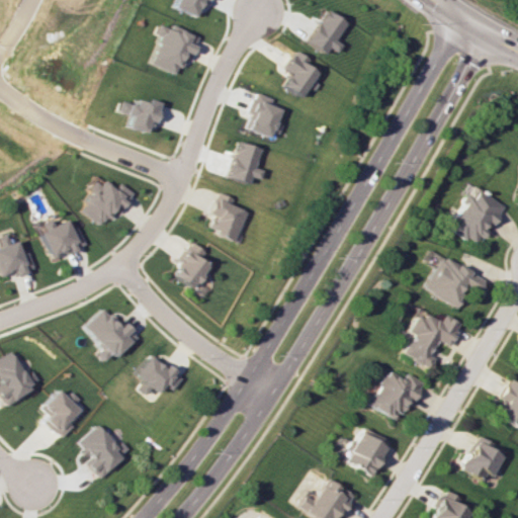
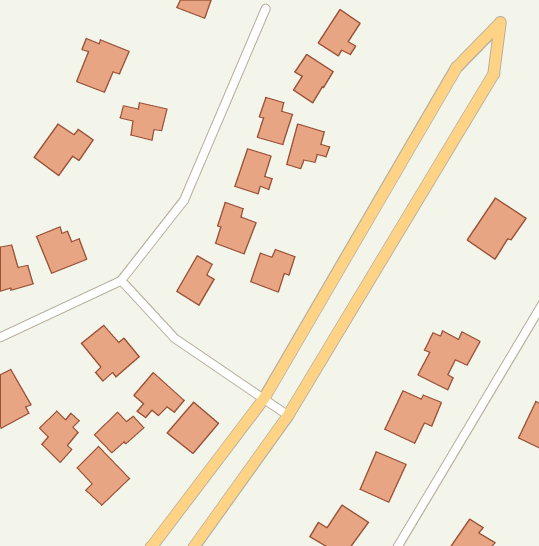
building: [153,24,202,75] -> [77,39,129,92]
building: none -> [287,124,330,169]
building: [83,178,139,227] -> [34,124,93,175]
building: none -> [251,249,295,292]
building: [423,256,486,309] -> none
building: none -> [167,402,218,453]
building: none -> [95,412,144,453]
building: [463,436,509,483] -> none

